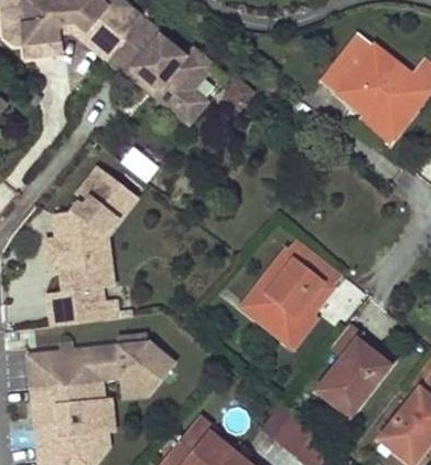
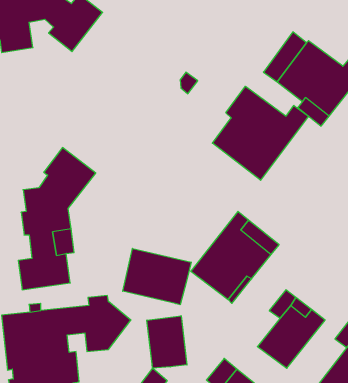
building: [108,14,216,120] -> none
building: none -> [212,86,309,180]
building: none -> [123,248,191,305]
building: none -> [147,316,187,368]

